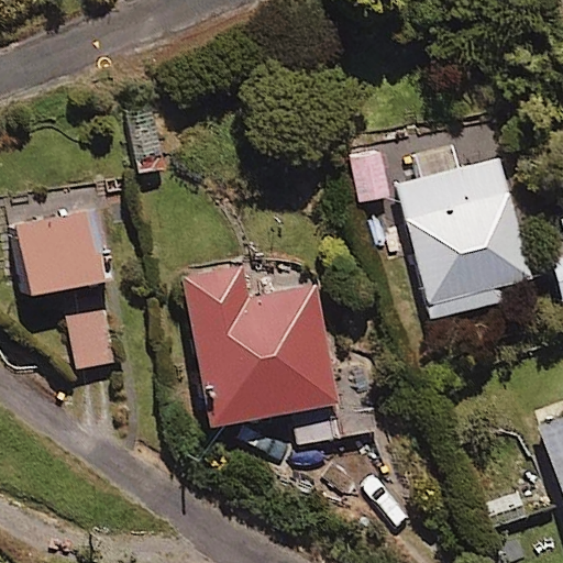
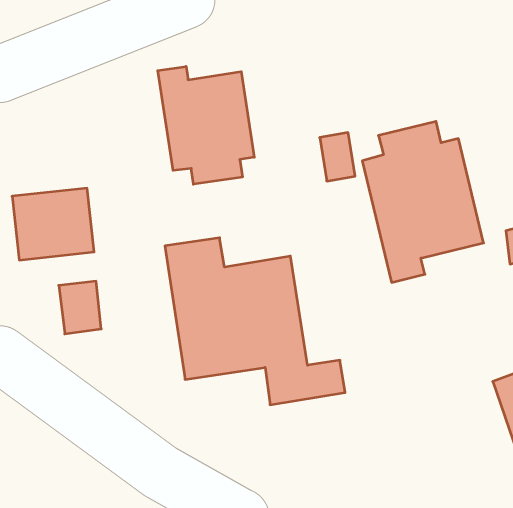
building: none -> [158,66,254,184]

